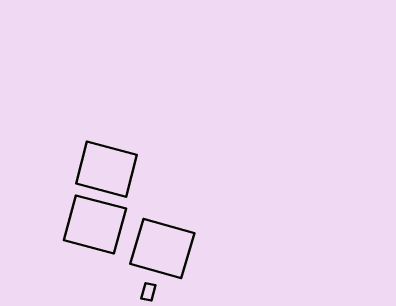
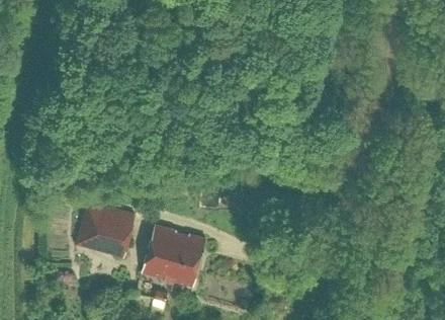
building: [76,142,137,197] -> none

